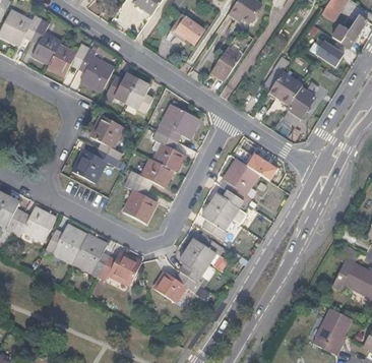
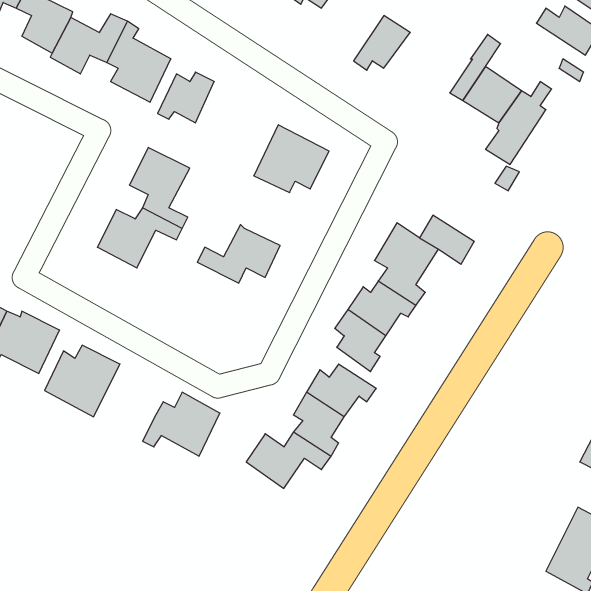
building: [126,80,153,117] -> none
building: [151,129,185,171] -> none
building: [123,178,156,222] -> none
building: [72,232,109,269] -> none

